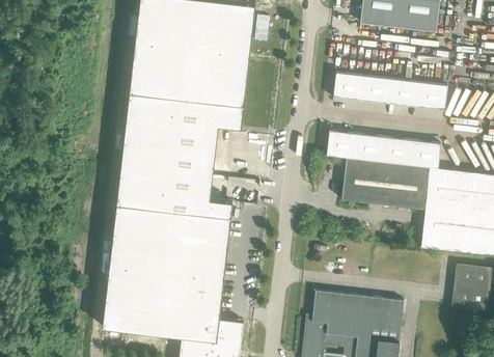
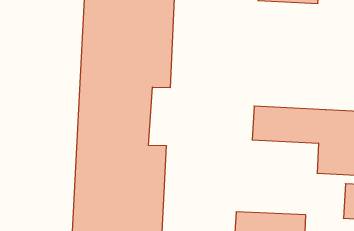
building: [333,73,448,110] -> none
building: [327,131,441,168] -> none

